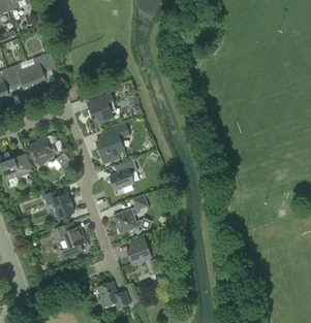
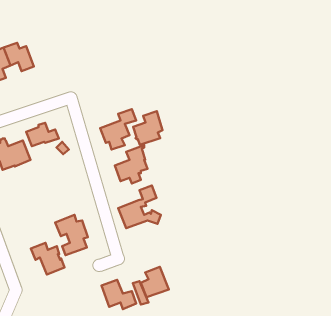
building: [28,51,57,85] -> none
building: [89,93,116,124] -> [133,111,162,145]
building: [43,189,74,218] -> [31,243,65,274]
building: [126,236,152,264] -> [141,267,169,297]

